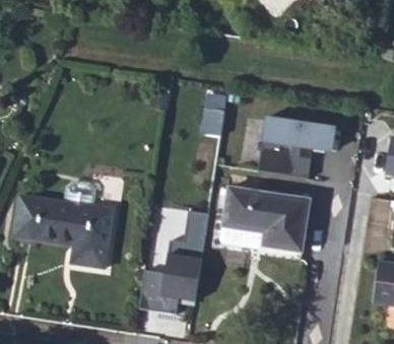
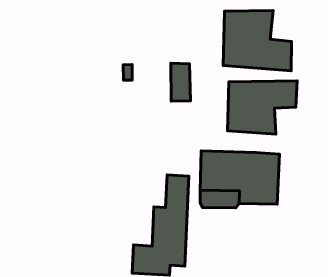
building: none -> [223,10,291,71]
building: [14,184,113,268] -> none

